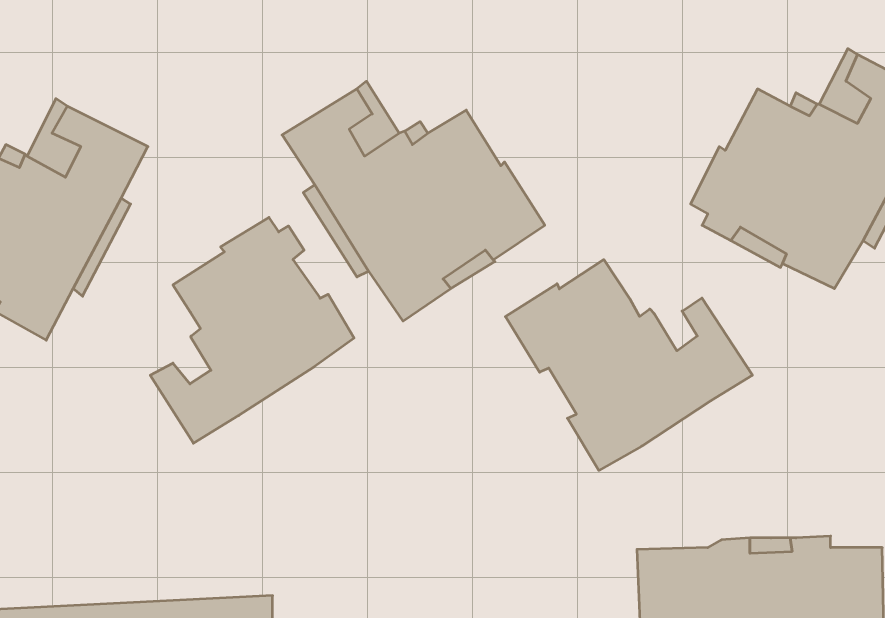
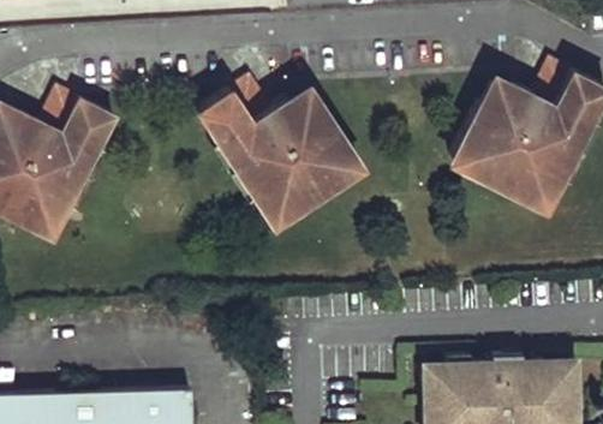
building: [150,217,354,443] -> none
building: [505,260,752,470] -> none

